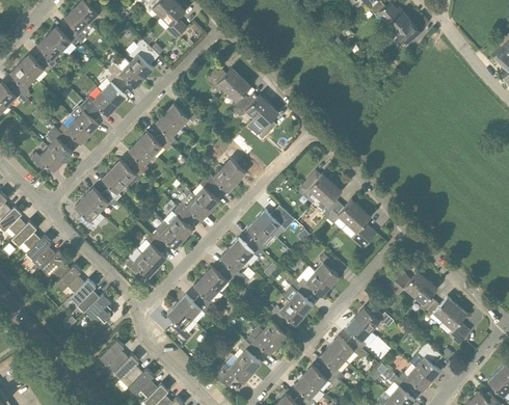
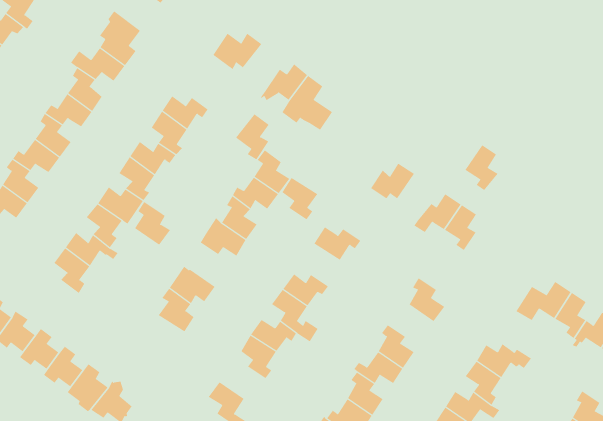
building: [225,77,250,109] -> [235,114,270,160]
building: [318,182,342,214] -> [465,145,498,191]
building: [168,207,193,239] -> [134,201,171,246]
building: [247,219,272,250] -> [282,177,318,220]
building: [125,252,158,277] -> none
building: [298,271,330,296] -> none
building: [177,294,209,319] -> none

